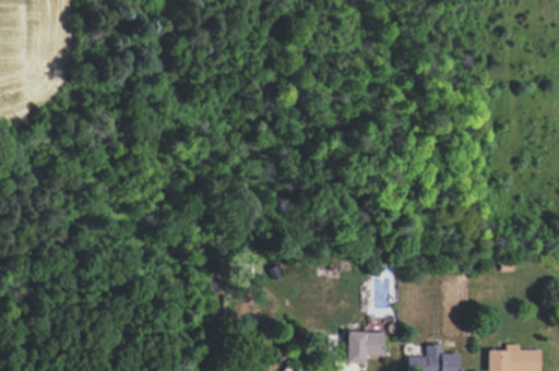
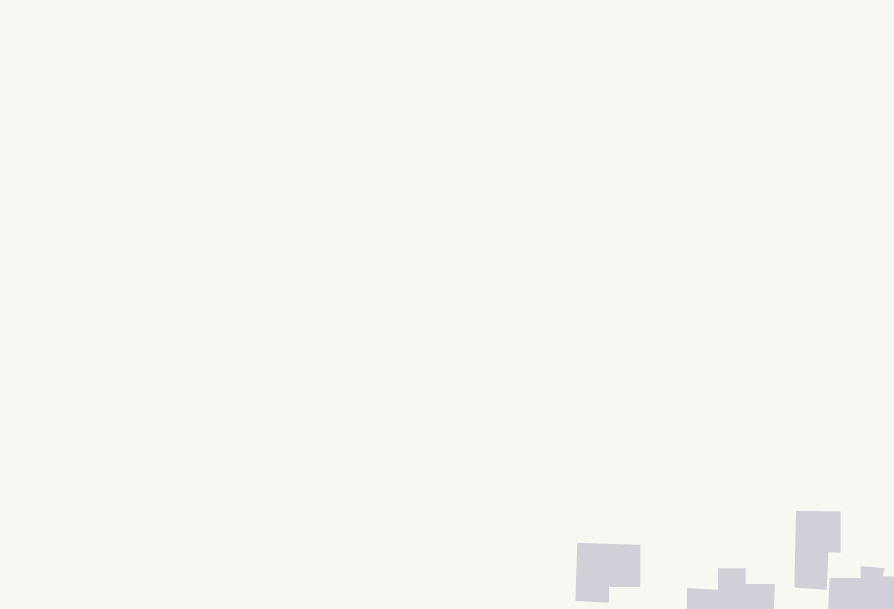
building: none -> [794,510,841,591]

